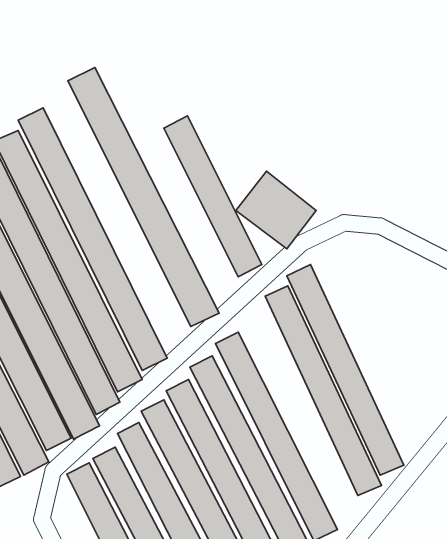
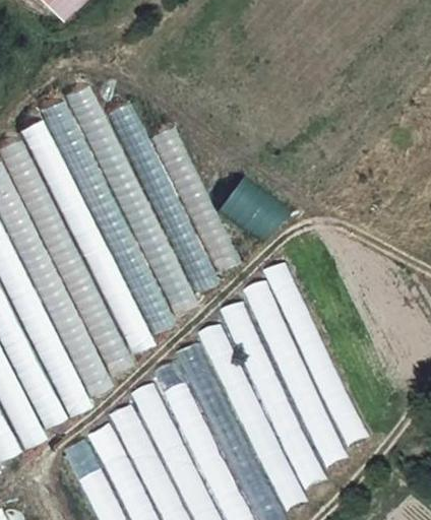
building: none -> [41,101,175,336]
building: none -> [109,103,221,294]
building: none -> [222,300,326,490]

